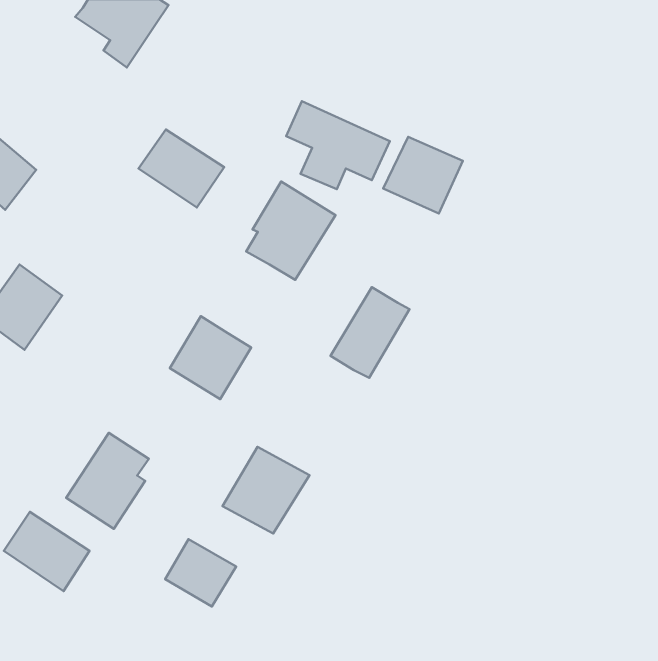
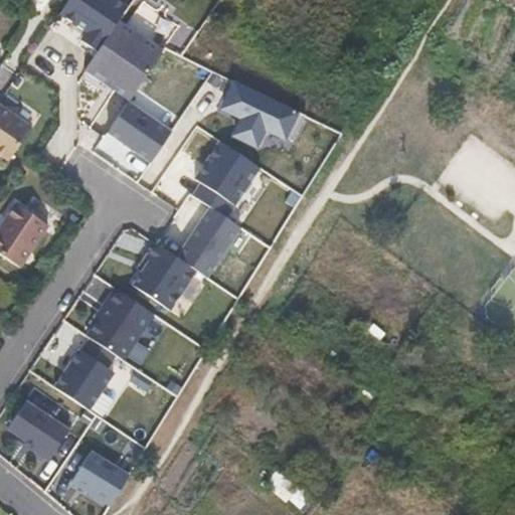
building: none -> [85,19,165,101]
building: [383,137,463,214] -> none
building: [330,287,409,378] -> [177,205,238,276]
building: [223,447,309,534] -> [84,289,152,356]
building: [165,539,236,607] -> [72,452,128,504]

